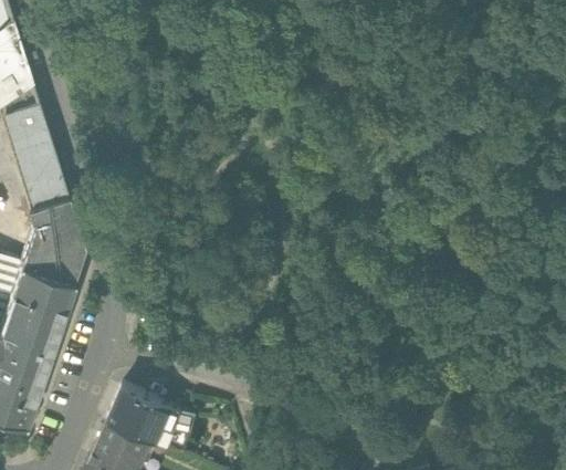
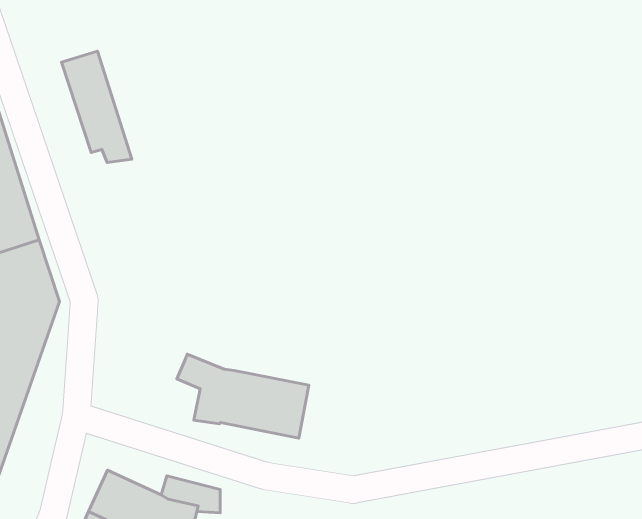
building: none -> [62,51,132,163]
building: none -> [177,354,309,438]

